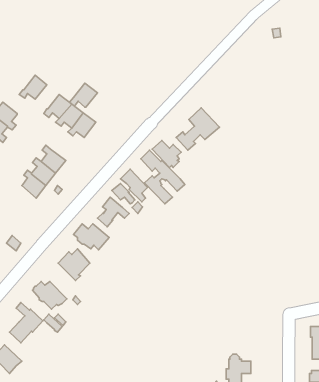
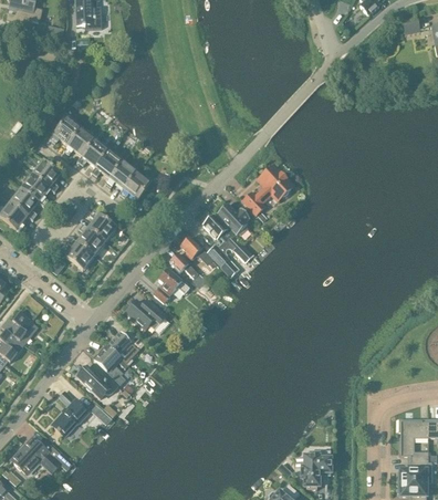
building: none -> [49,116,81,144]
building: [70,83,97,107] -> [76,138,108,166]
building: none -> [93,344,127,384]

